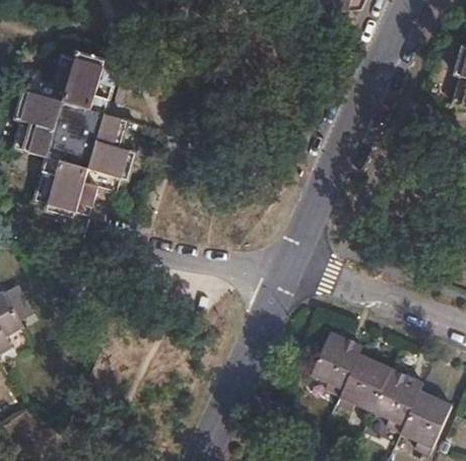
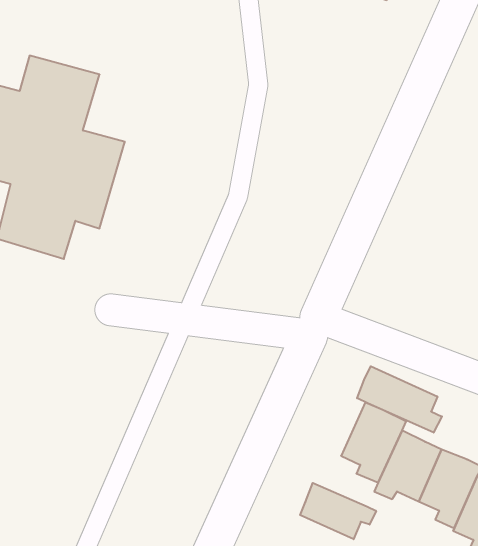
building: none -> [357,366,442,433]
building: none -> [300,483,376,539]

